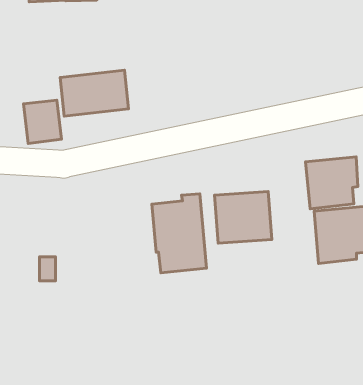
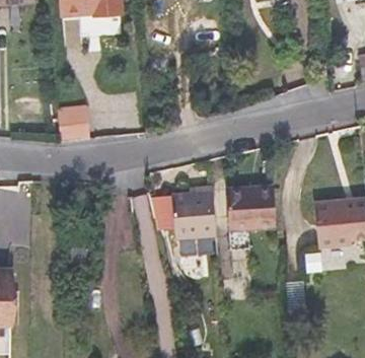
building: [60,70,128,116] -> none
building: [306,157,358,209] -> none

